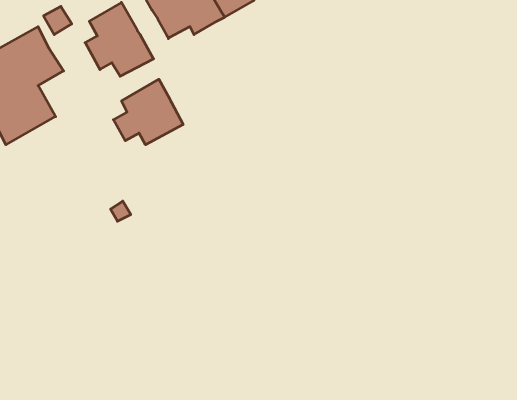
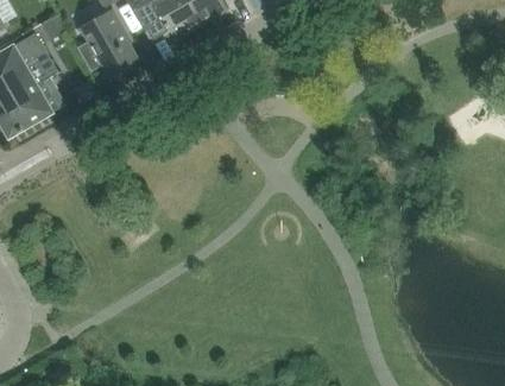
building: [113,79,183,145] -> none

